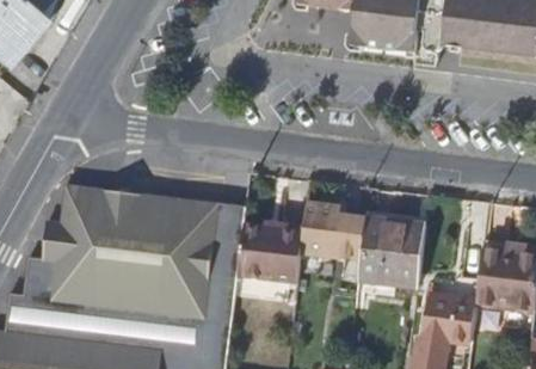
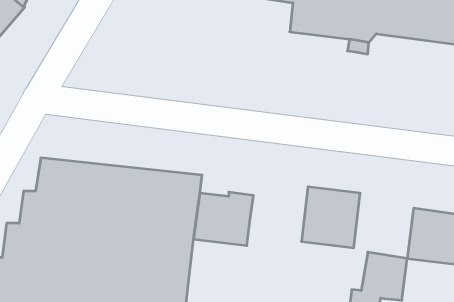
building: [300,204,364,259] -> none

